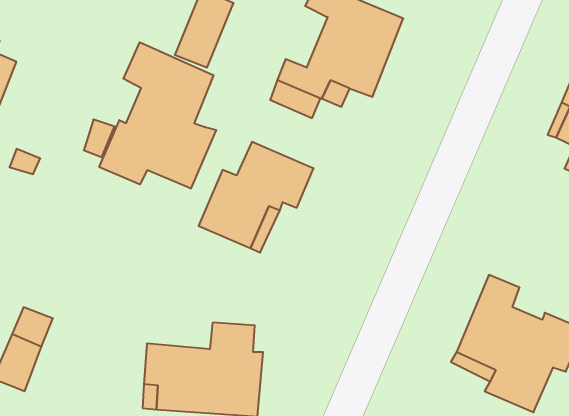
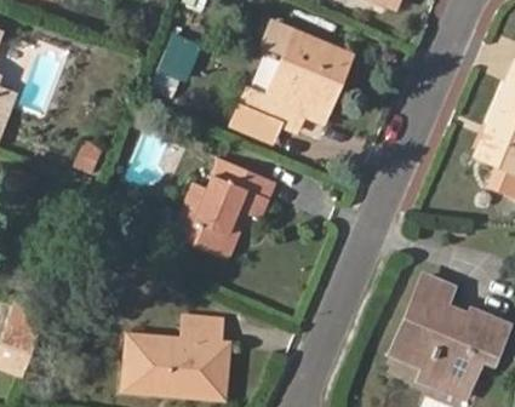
building: [99,42,216,189] -> none

